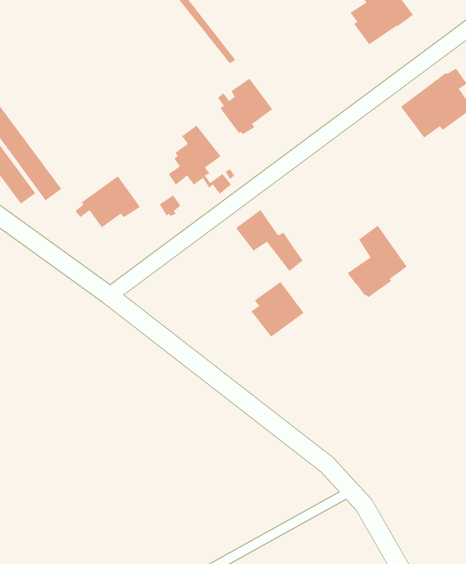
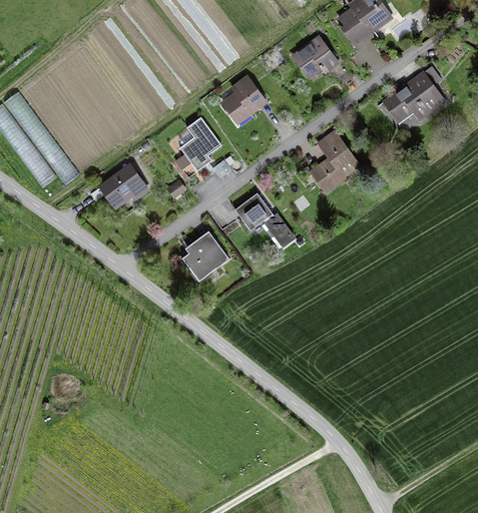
building: none -> [290,35,340,80]
building: [347,225,408,298] -> [307,129,361,194]
building: [250,281,304,337] -> [181,230,229,281]

